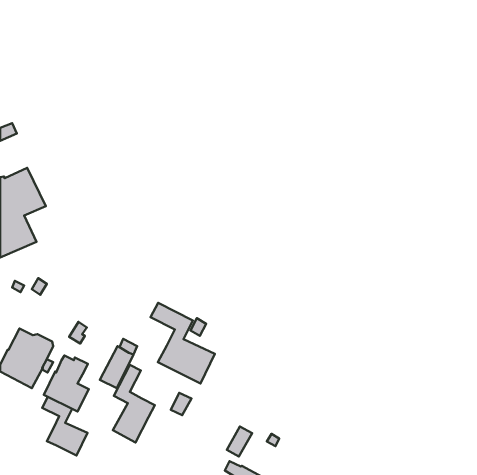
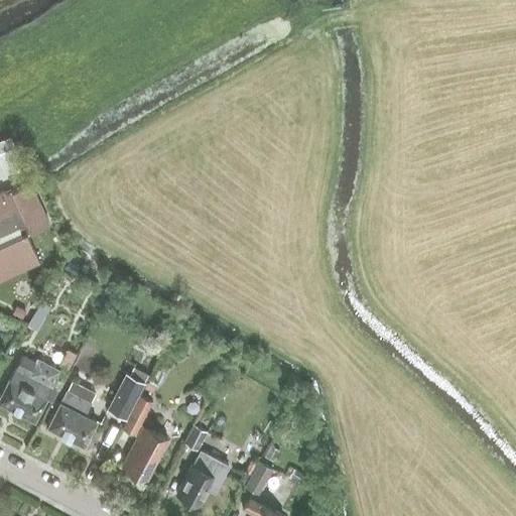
building: [150,303,215,384] -> none
building: [42,397,87,455] -> none
building: none -> [176,452,229,507]

